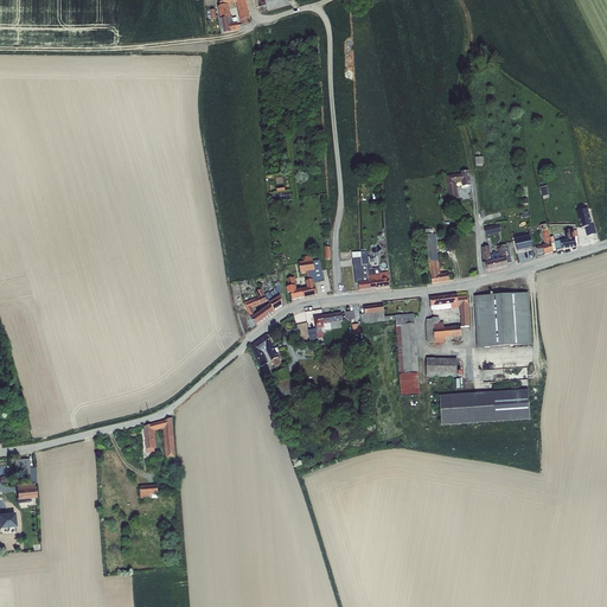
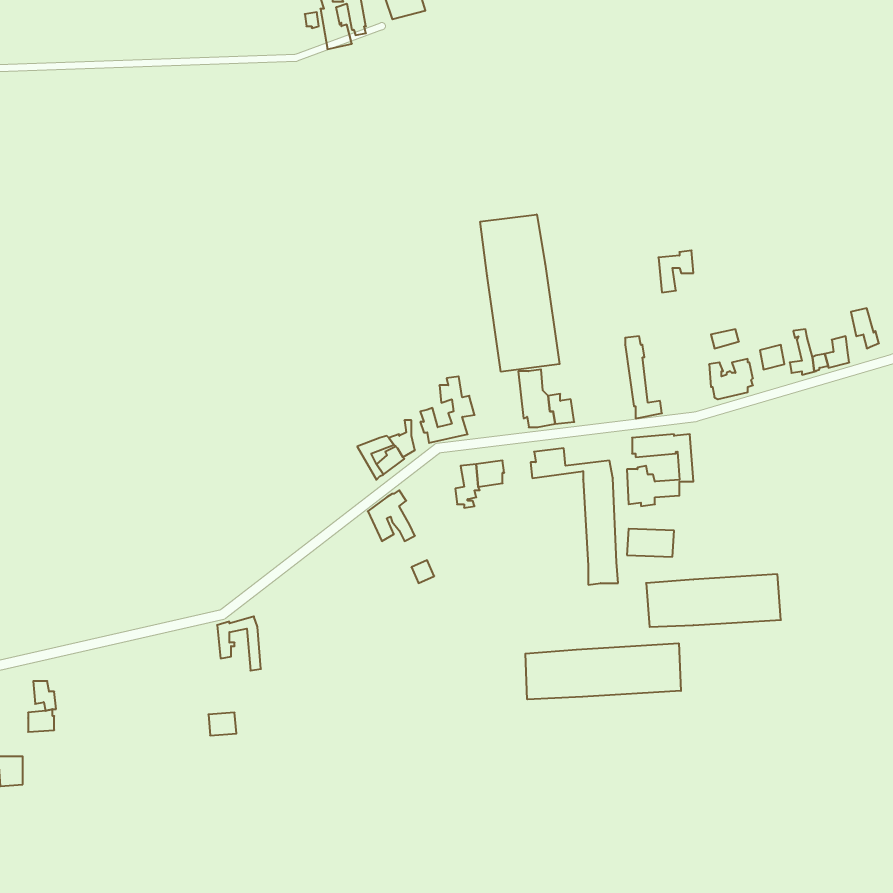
building: none -> [480,214,560,372]
building: [473,292,531,347] -> none
building: none -> [525,643,681,699]

